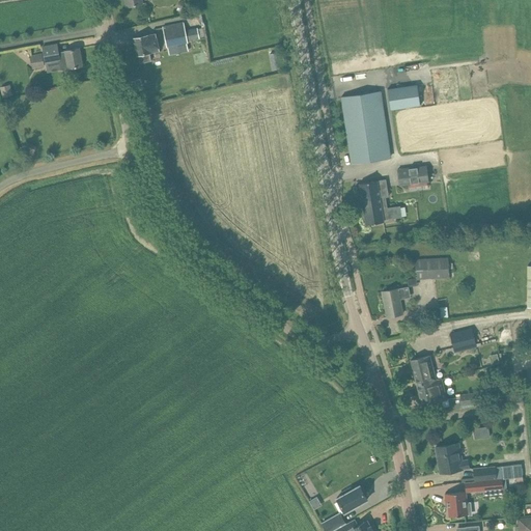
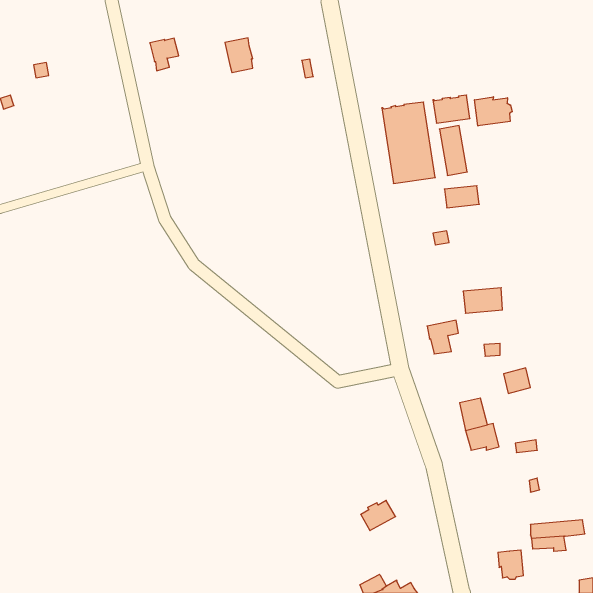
building: [163,23,188,54] -> [225,38,253,73]
building: [43,45,82,71] -> none
building: none -> [475,97,512,126]
building: [359,180,384,225] -> [439,126,467,175]
building: [436,444,469,473] -> none
building: [336,485,367,512] -> [361,500,396,531]

